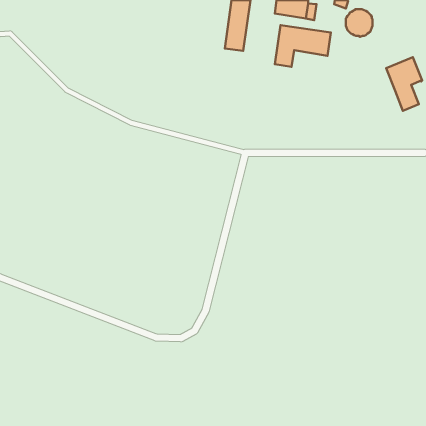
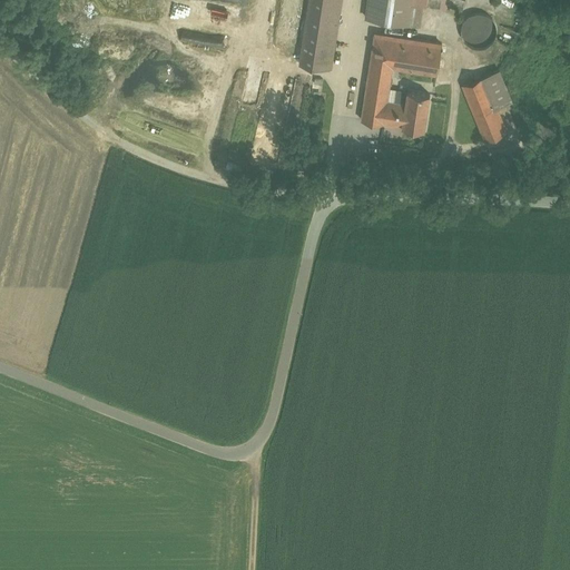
building: [386,57,422,111] -> [462,71,510,142]
building: none -> [361,87,429,131]

